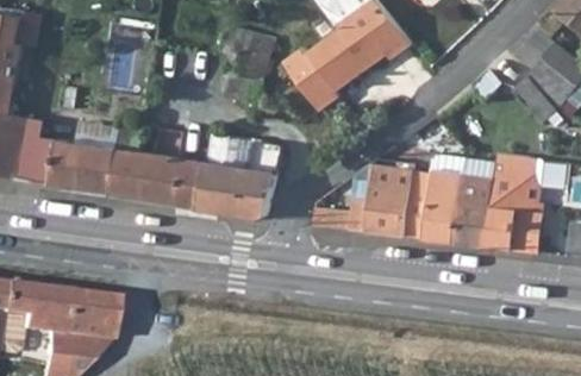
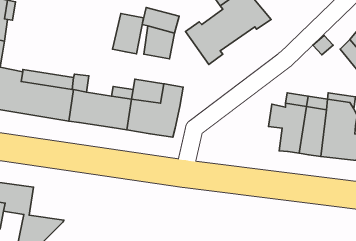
building: none -> [112,14,143,54]
building: [349,165,429,239] -> none
building: [55,293,112,341] -> none

